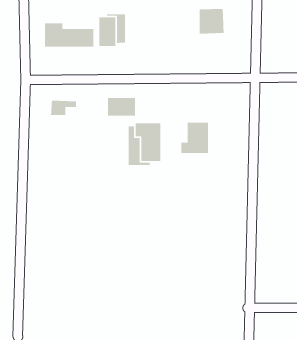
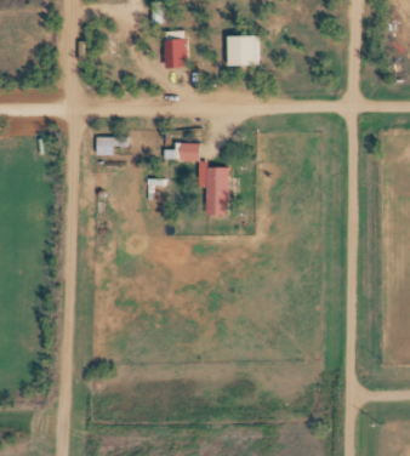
building: [199,8,224,35] -> [228,35,260,68]
building: [44,22,94,47] -> none
building: [180,122,209,154] -> none

